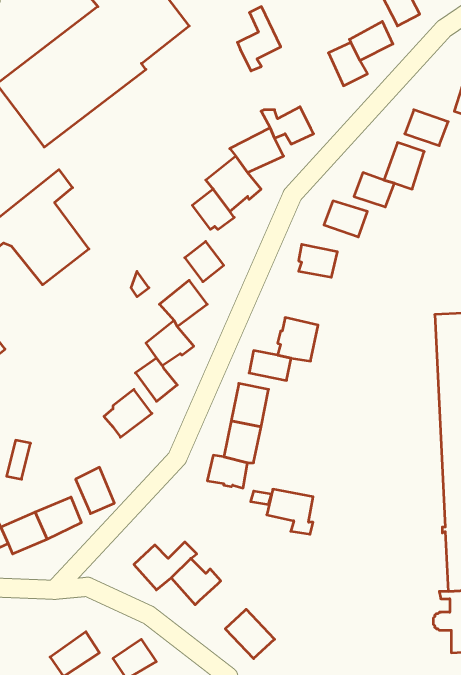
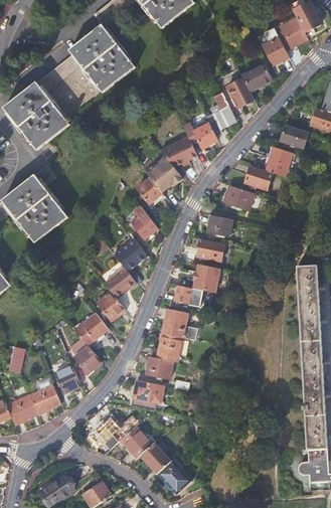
building: [237,7,281,71] -> [205,93,234,136]
building: none -> [196,238,223,261]
building: none -> [70,337,101,373]
building: [267,489,313,534] -> [132,379,163,409]
building: none -> [140,443,170,473]

